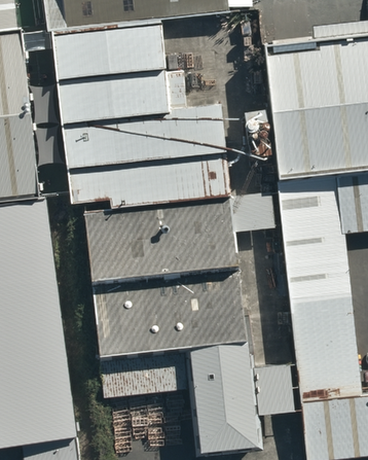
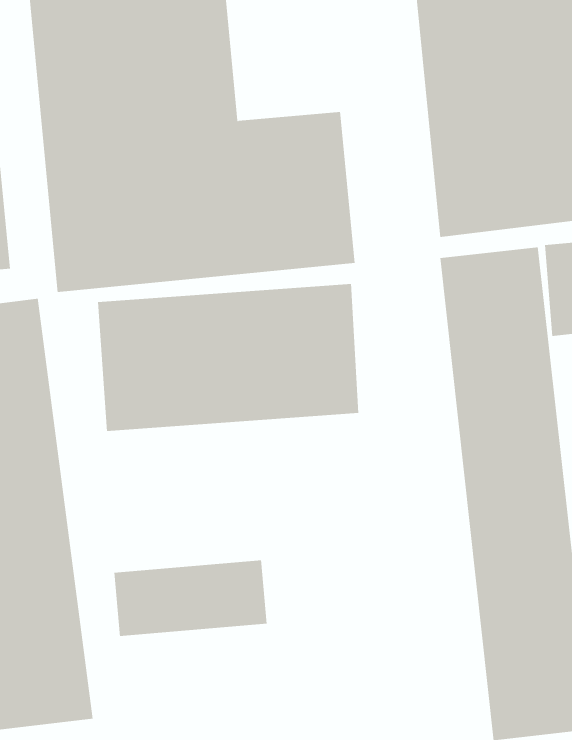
building: [88,274,245,351] -> none
building: [187,341,294,448] -> none

